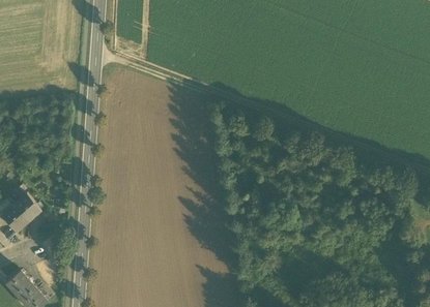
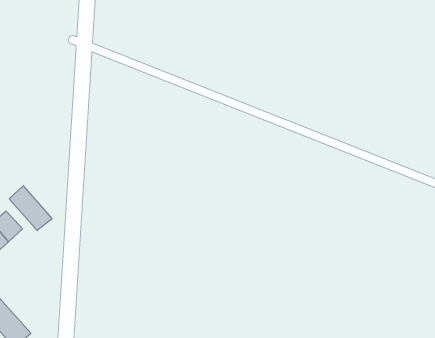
building: none -> [9,186,52,231]

